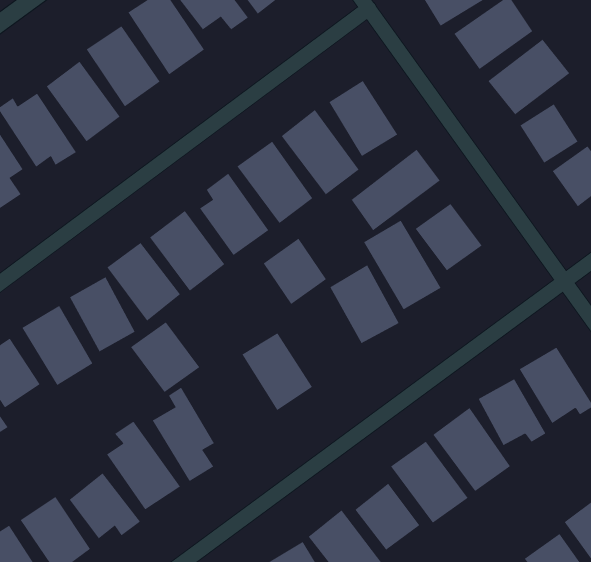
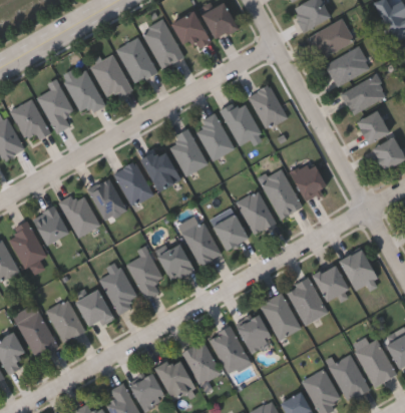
building: [351,149,440,231] -> none
building: [263,238,327,305] -> [213,213,248,250]
building: [130,322,200,393] -> [157,243,195,283]

